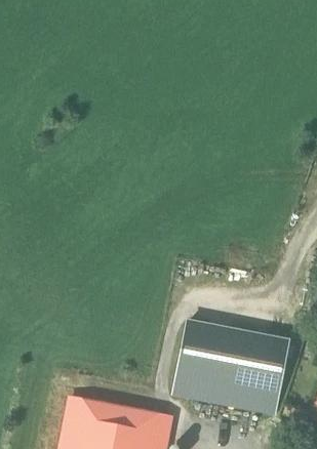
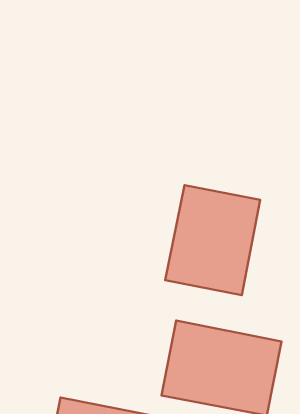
building: none -> [165,185,260,295]

